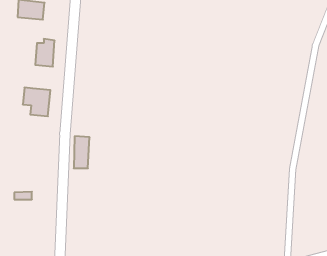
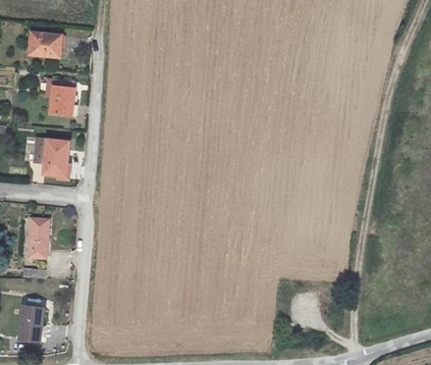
building: [74,136,90,168] -> [29,220,48,259]
building: none -> [17,309,41,341]

